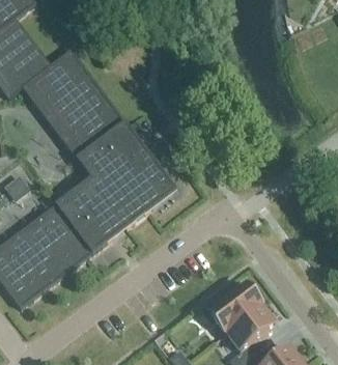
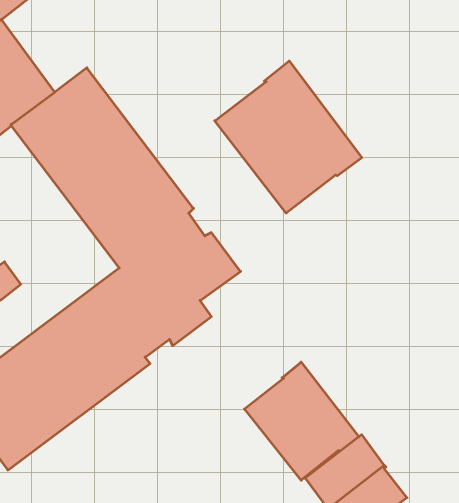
building: none -> [215,61,362,213]
building: none -> [244,362,359,480]

